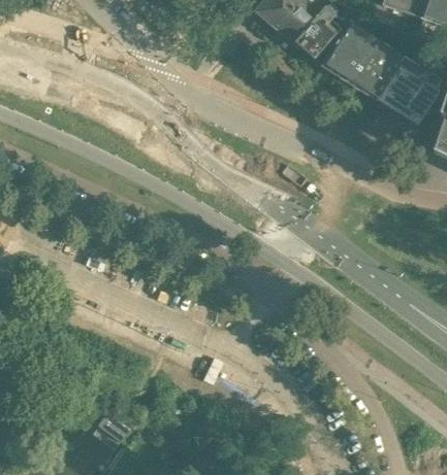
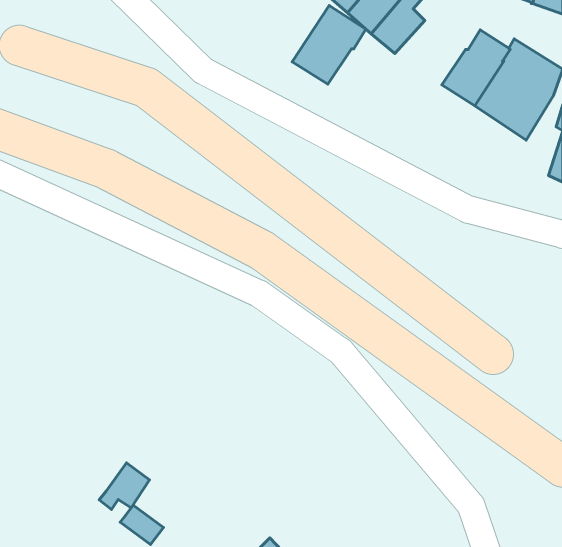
building: [322,22,380,83] -> [292,5,366,84]
building: none -> [99,463,150,509]

